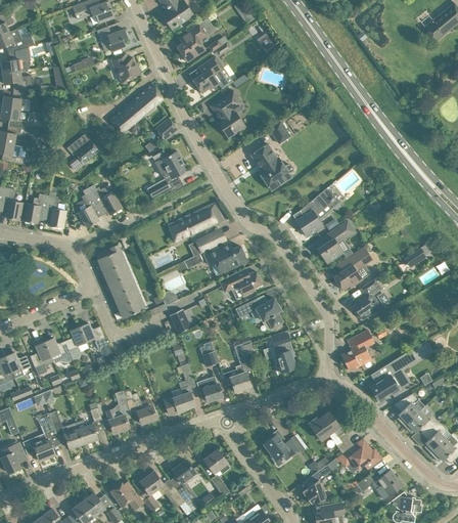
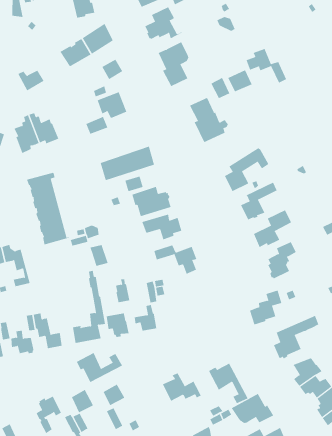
building: none -> [246,48,287,83]
building: [271,333,294,373] -> none
building: none -> [76,352,123,383]
building: [109,482,143,510] -> none

